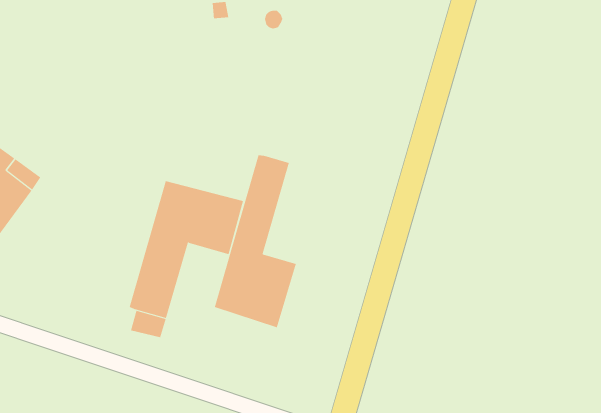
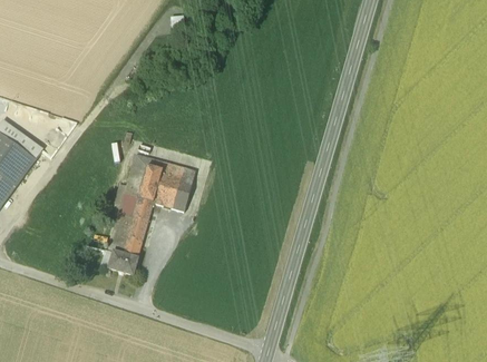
building: [214,154,297,328] -> none

